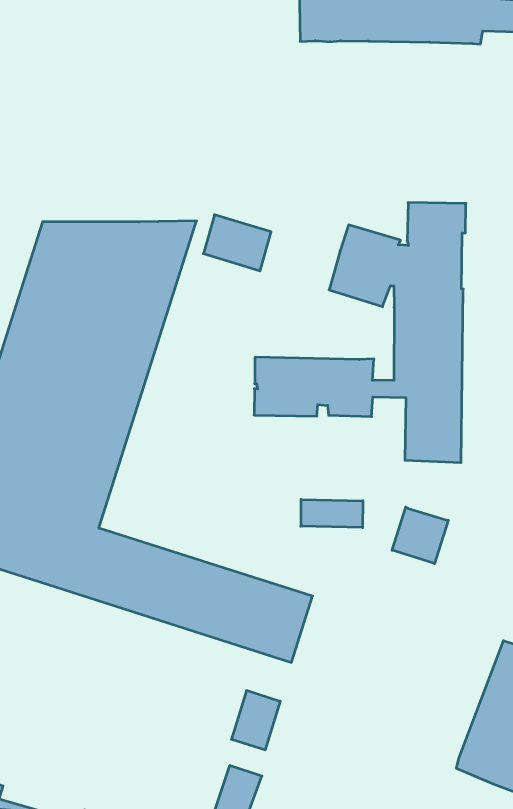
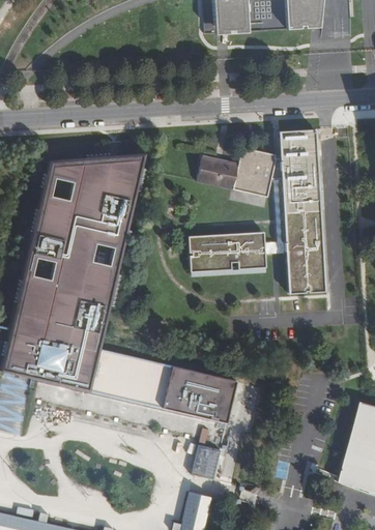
building: [203,215,271,271] -> [197,156,238,189]
building: [301,499,363,528] -> none
building: [392,507,448,564] -> none

